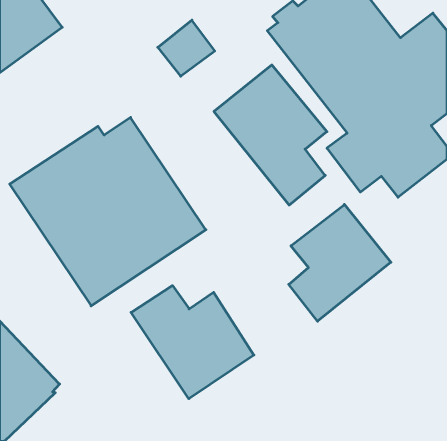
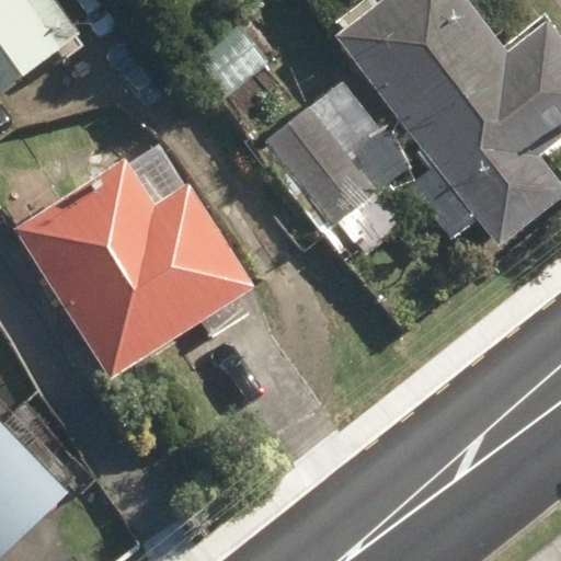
building: [289,204,391,321] -> none
building: [131,286,254,399] -> none

